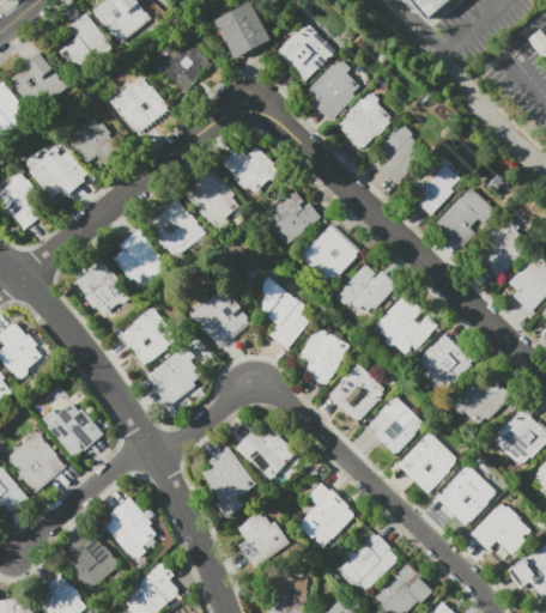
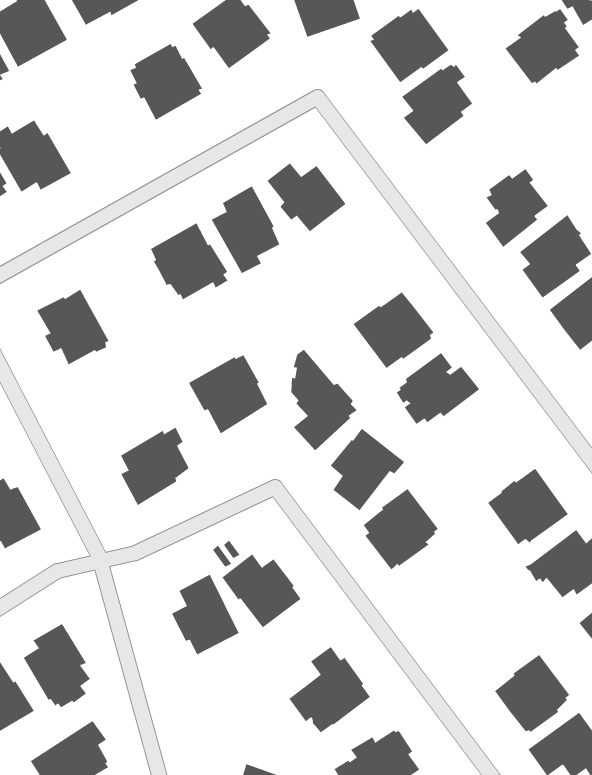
building: [338,92,392,148] -> [505,8,580,84]
building: [68,117,121,165] -> none
building: [259,190,320,242] -> none
building: [113,230,164,291] -> none
building: [377,295,437,356] -> none
building: [121,308,178,366] -> none
building: [368,396,423,454] -> none
building: [401,432,457,492] -> none
building: [237,510,289,566] -> none

